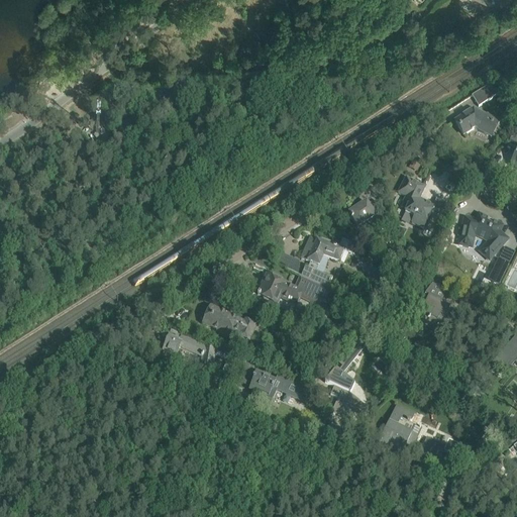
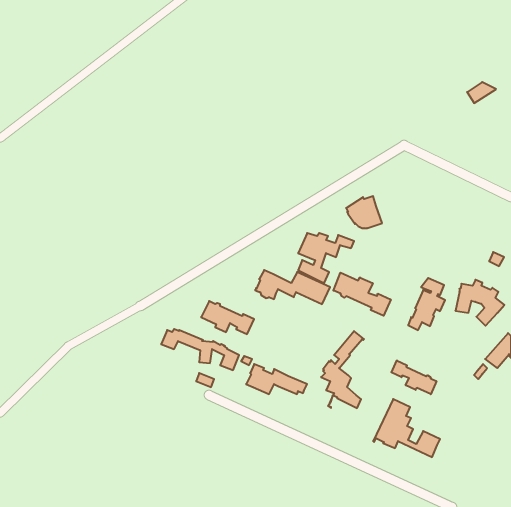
building: [454,108,499,134] -> none
building: [398,175,448,225] -> none
building: [458,211,508,257] -> [455,280,504,326]
building: none -> [333,273,391,316]
building: none -> [391,360,436,394]

